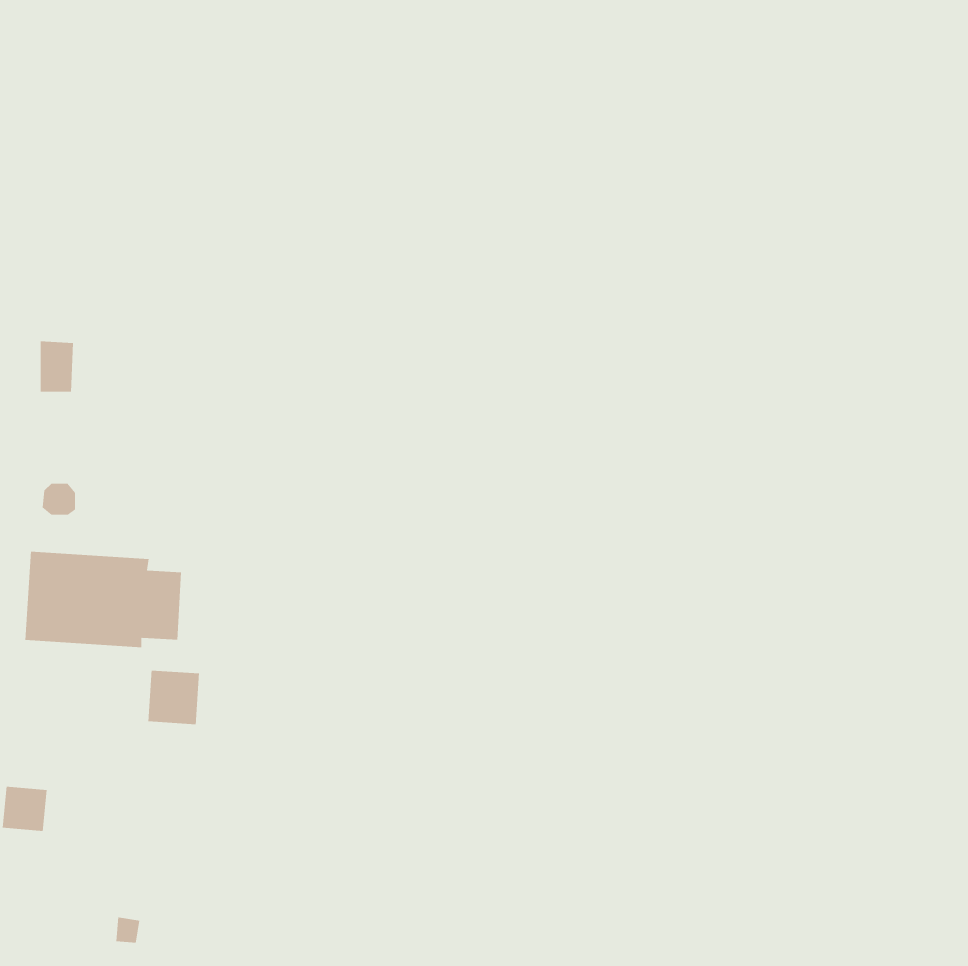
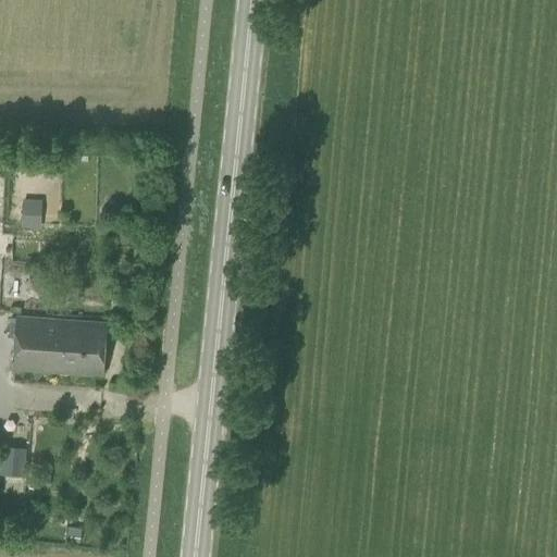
building: [148,670,200,725] -> none

